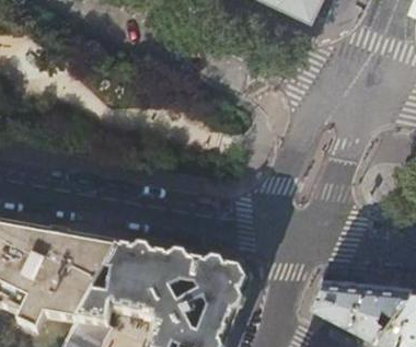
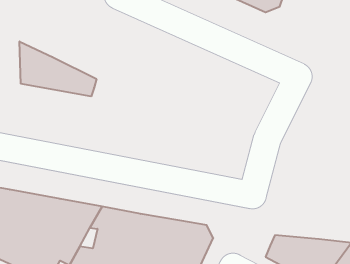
building: none -> [20,41,96,96]

